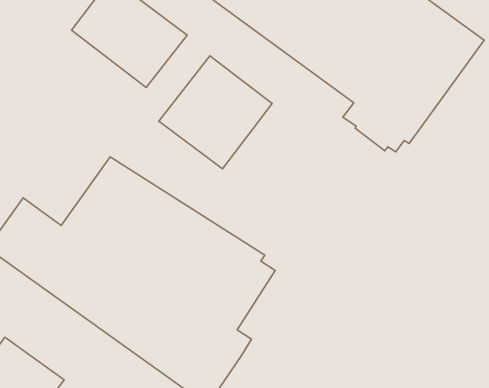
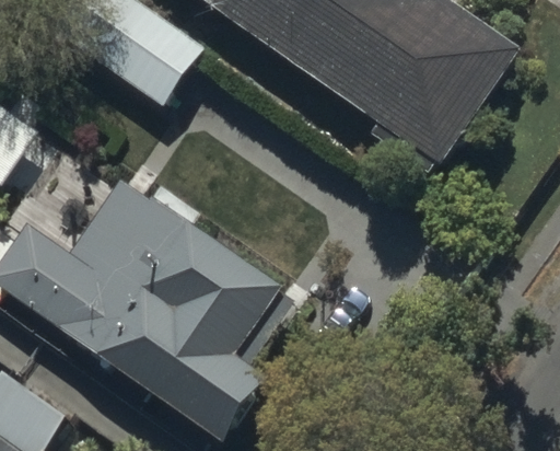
building: [159,56,272,169] -> none

